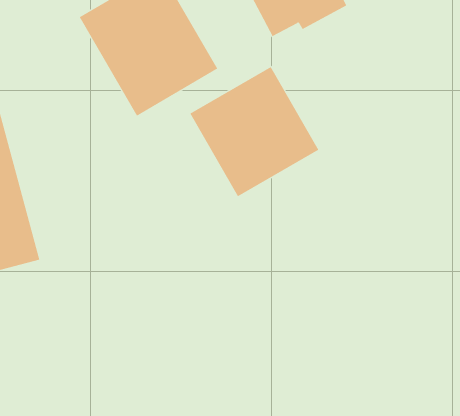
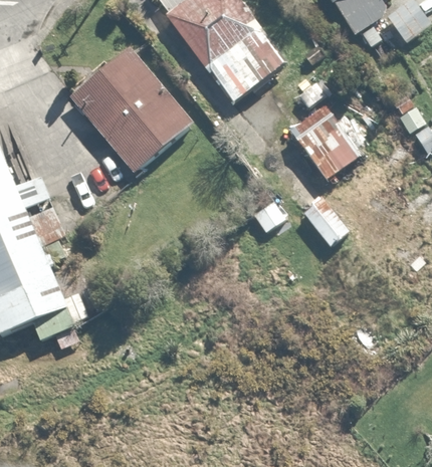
building: [190,66,319,197] -> none
building: none -> [294,109,361,177]

